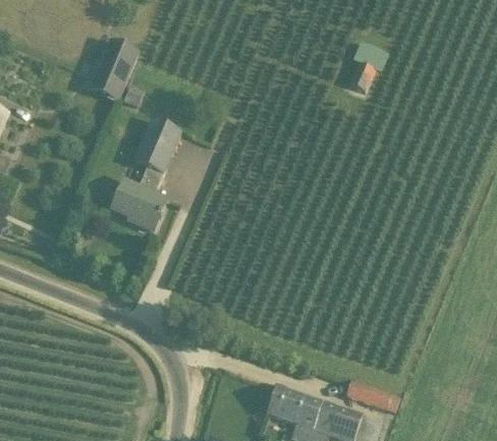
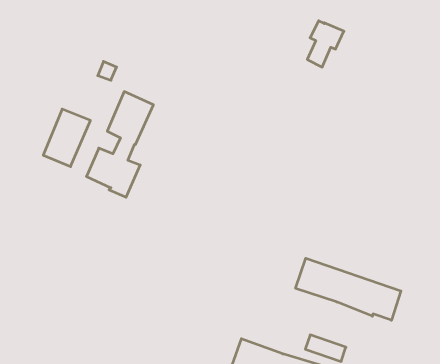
building: [88,40,139,102] -> [43,109,90,167]
building: none -> [296,258,401,320]

